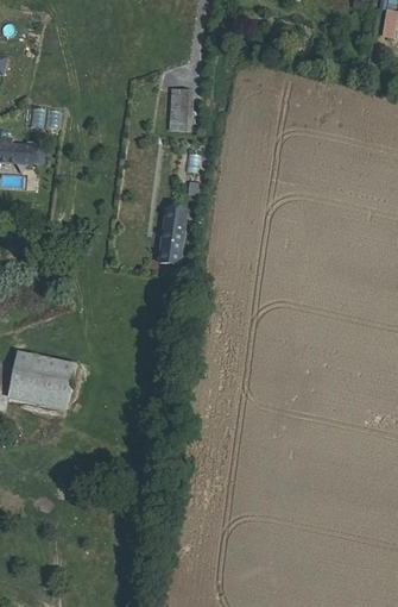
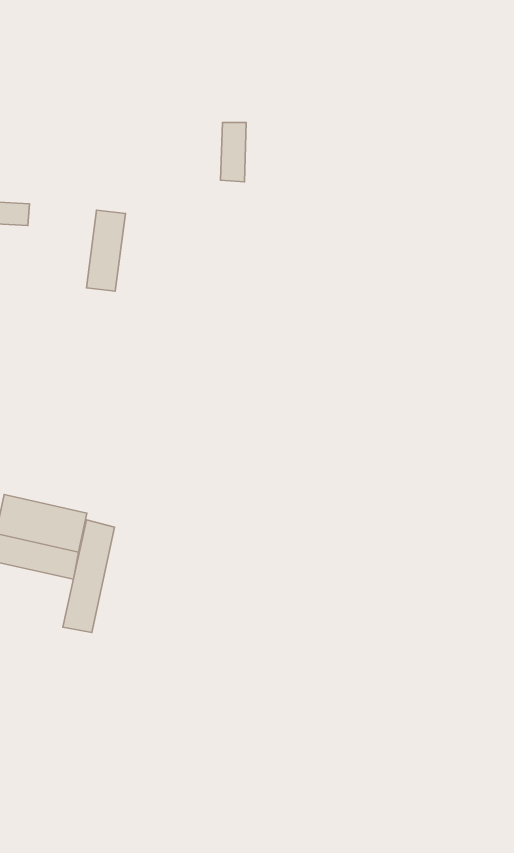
building: [159,209,187,267] -> [86,210,125,291]
building: none -> [63,520,115,633]

